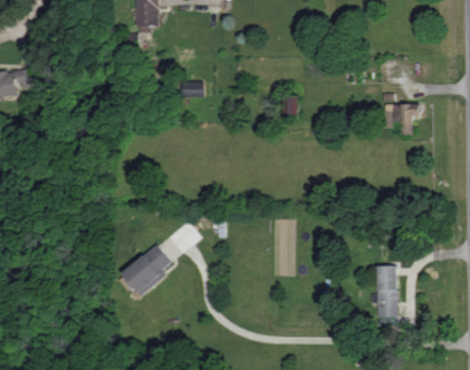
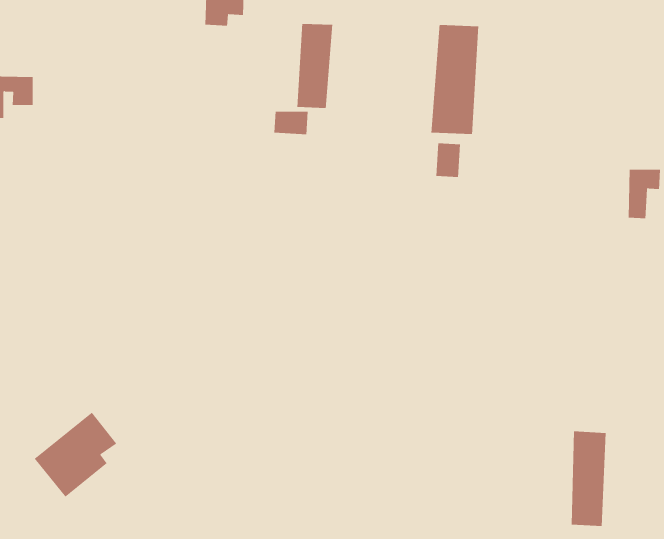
building: none -> [431,24,479,135]
building: none -> [297,23,333,109]
building: [121,244,171,297] -> [34,412,117,498]

